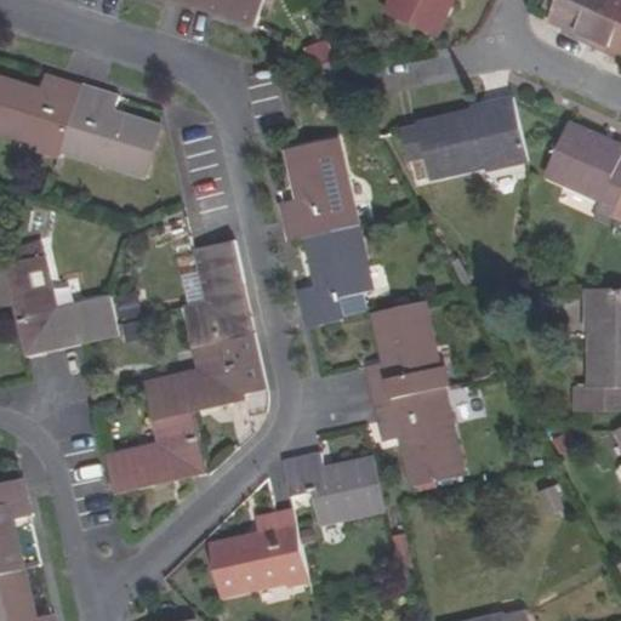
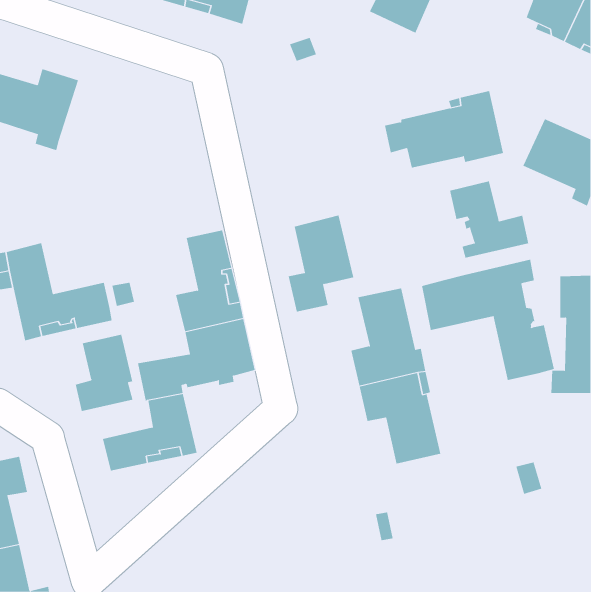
building: [62,84,160,175] -> none
building: [281,138,354,240] -> none
building: none -> [450,181,529,259]
building: none -> [422,259,554,381]
building: none -> [75,334,133,412]
building: [283,452,384,522] -> none
building: [210,508,309,593] -> none

